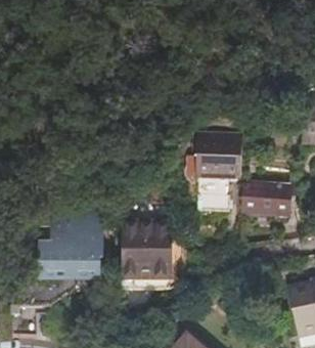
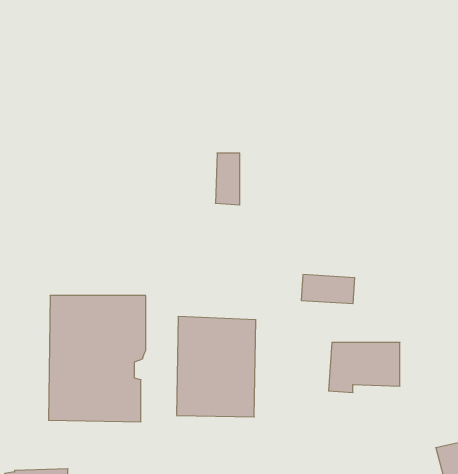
building: [197,129,243,174] -> none
building: [243,178,288,210] -> [329,342,400,393]

